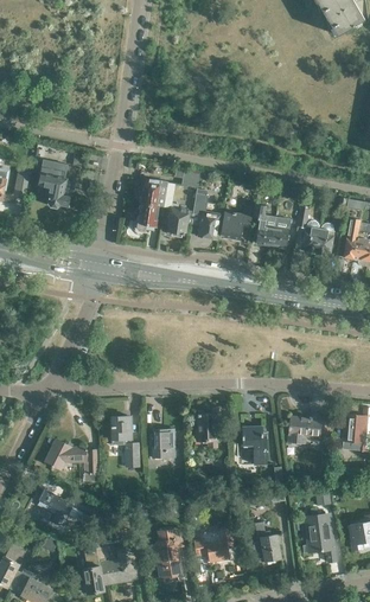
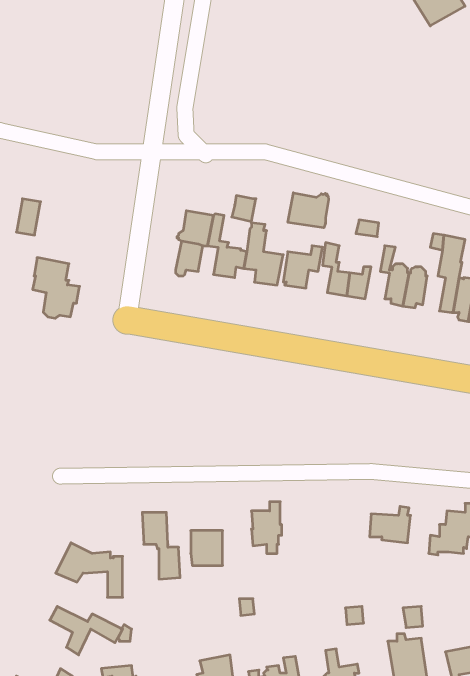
building: [39,160,76,207] -> [33,258,80,318]
building: none -> [288,193,329,228]
building: [243,425,267,463] -> none

